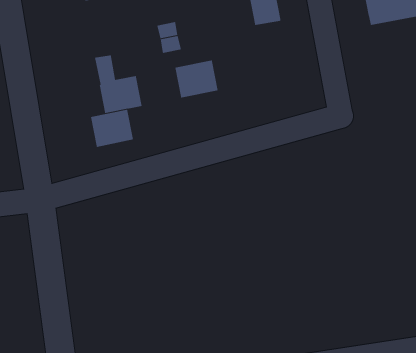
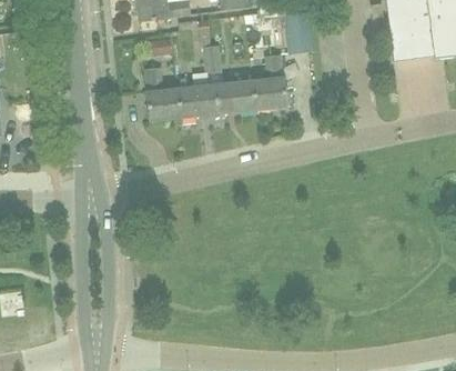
building: none -> [249,53,286,109]
building: [90,109,134,147] -> [180,86,217,118]

